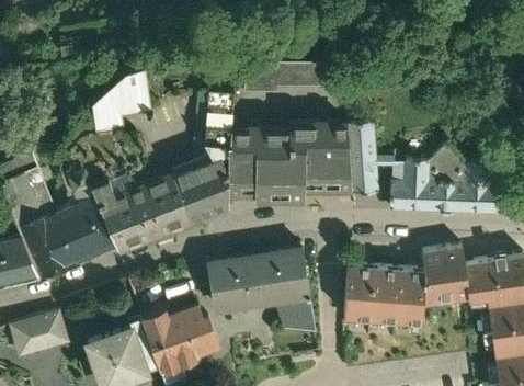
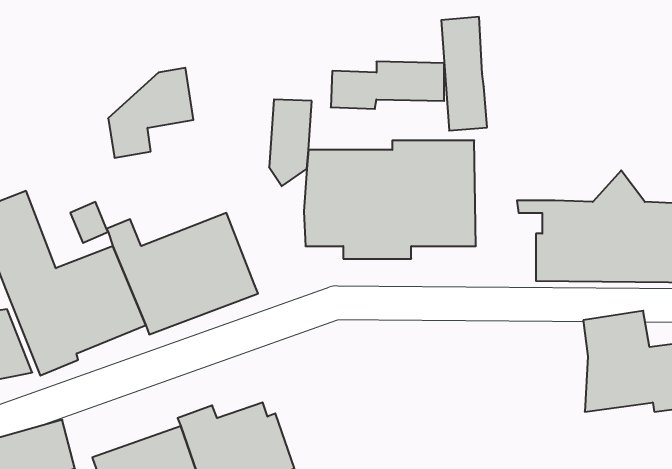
building: [346,121,378,200] -> [441,17,487,131]
building: [173,151,228,219] -> none
building: [206,241,315,331] -> none
building: [344,263,424,322] -> none

